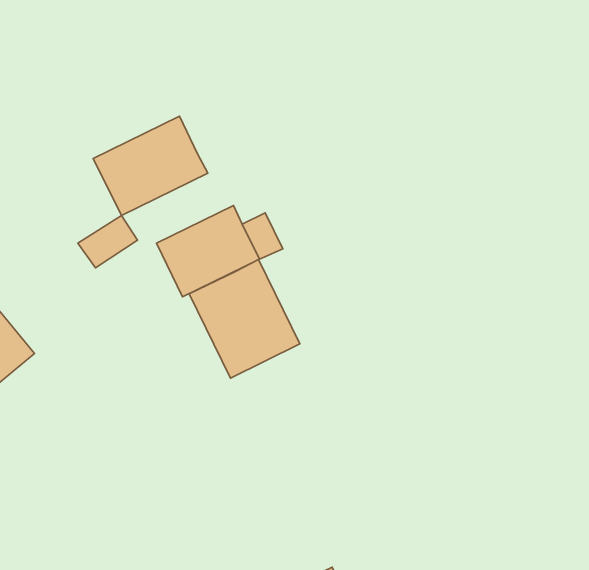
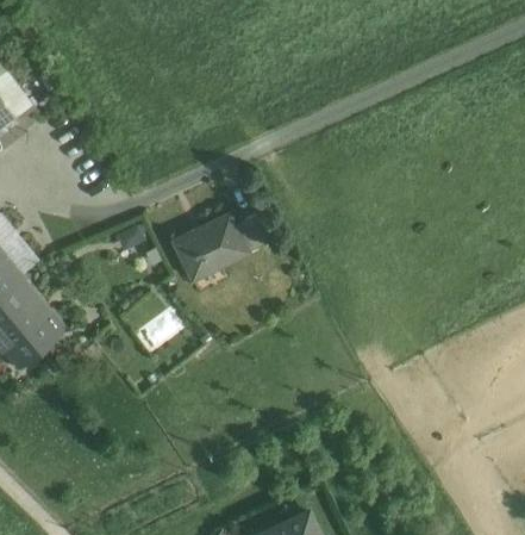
building: [93,116,208,216] -> none
building: [189,260,300,378] -> none

